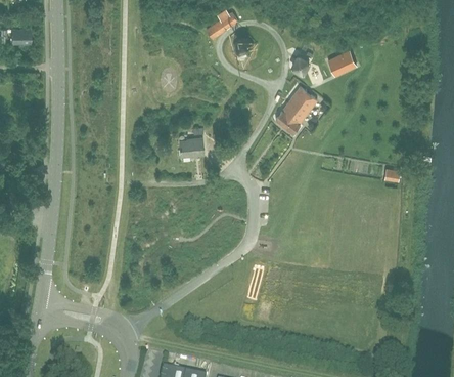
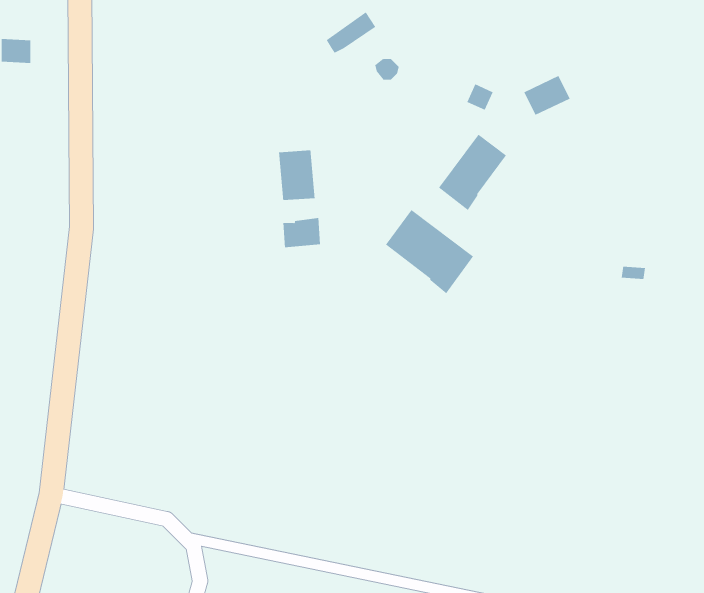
building: none -> [278,150,315,201]
building: none -> [385,209,474,294]

